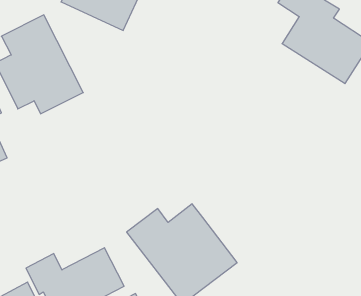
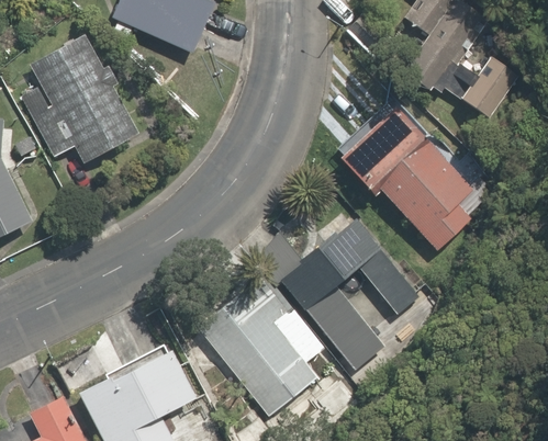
building: none -> [336,103,495,248]
building: none -> [273,212,415,373]

